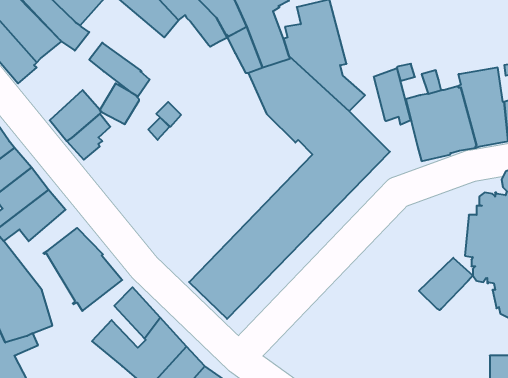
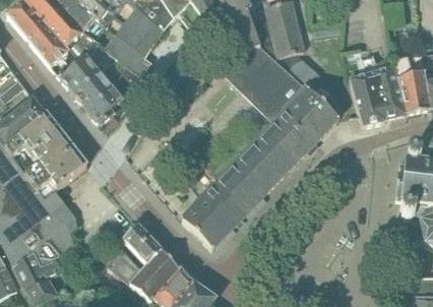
building: none -> [116,7,164,56]
building: [374,68,410,125] -> none
building: none -> [61,54,101,94]
building: [43,228,122,311] -> none
building: [419,258,473,310] -> none

